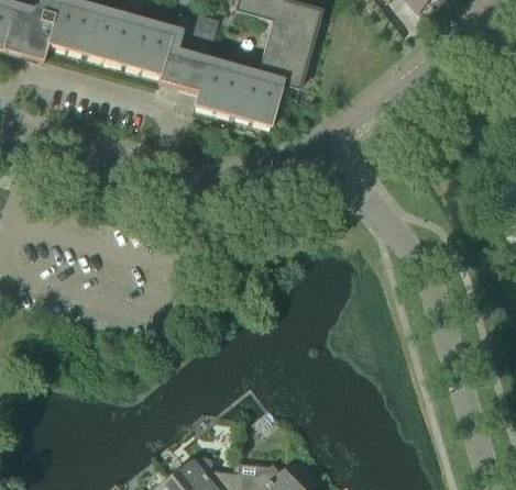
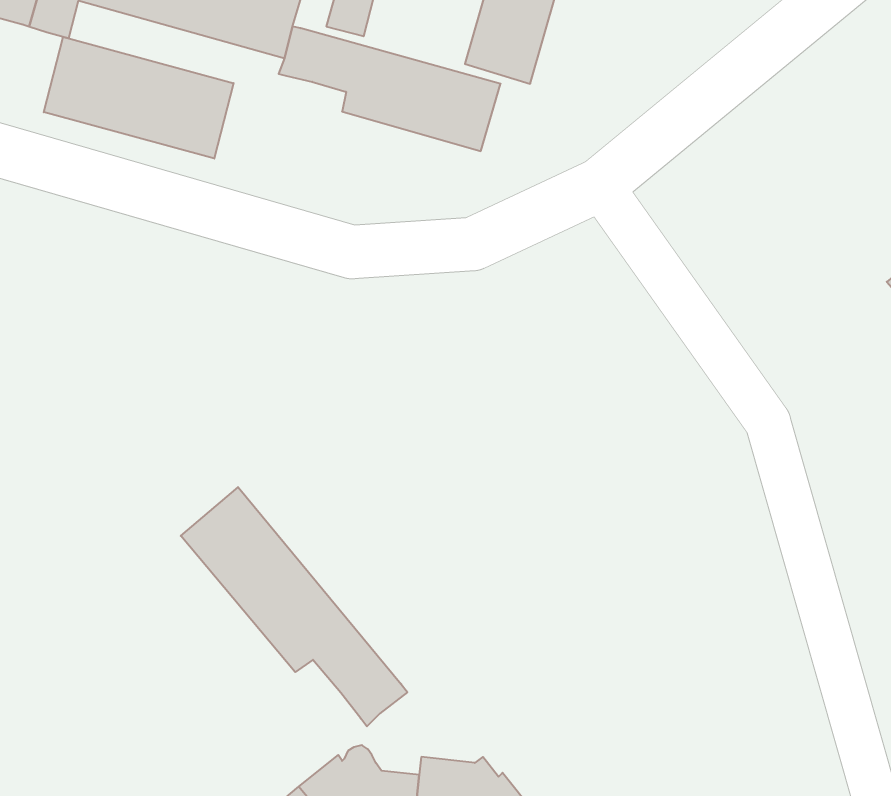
building: none -> [44,37,234,159]
building: none -> [181,487,407,726]

